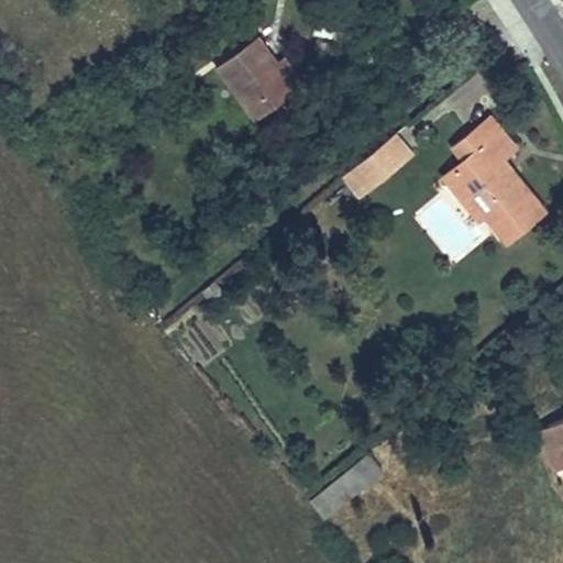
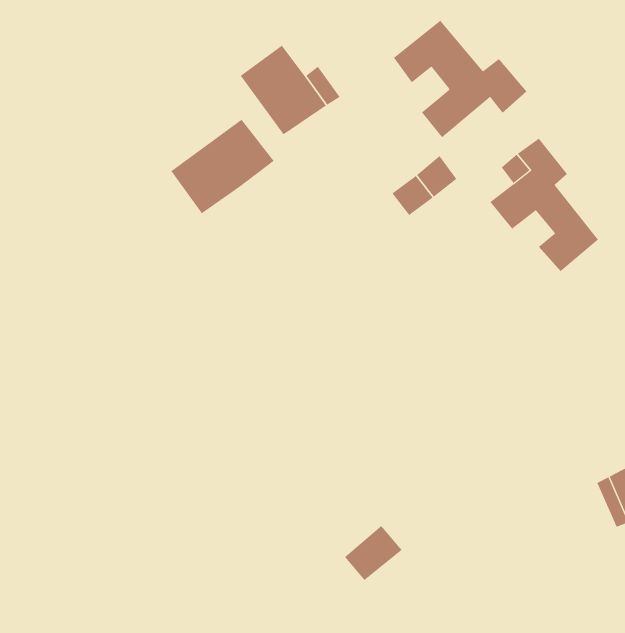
building: none -> [393,20,527,138]
building: none -> [170,119,275,214]

